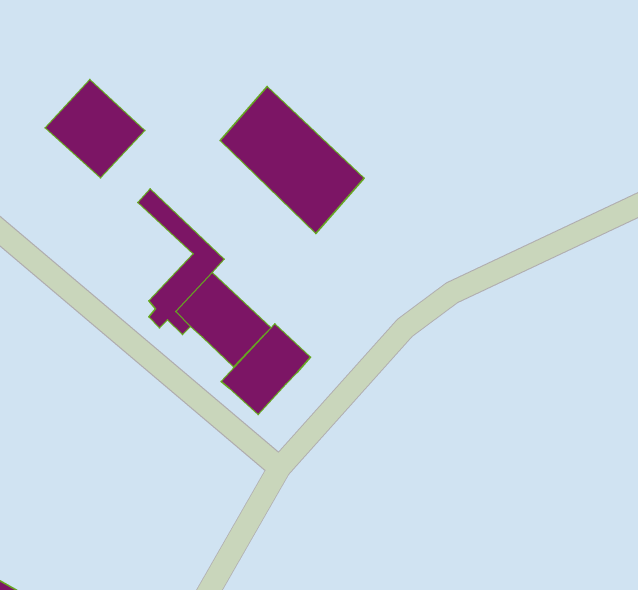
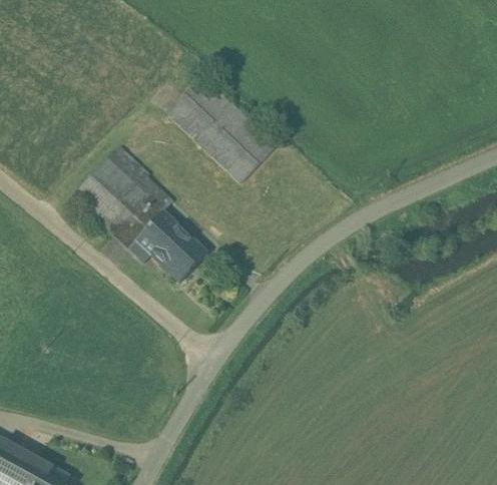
building: [45,79,145,178] -> [75,158,149,231]
building: [221,324,311,415] -> none

